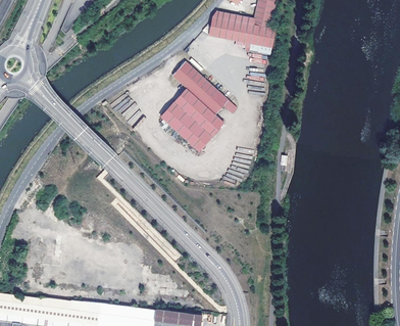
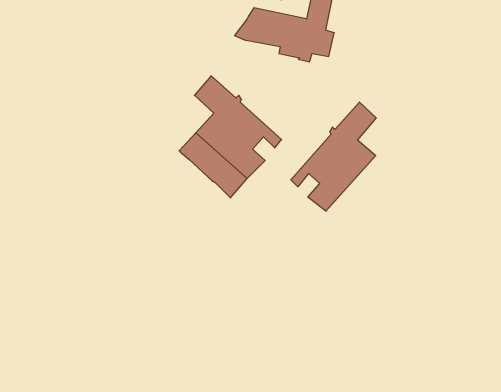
building: none -> [291,102,376,211]

